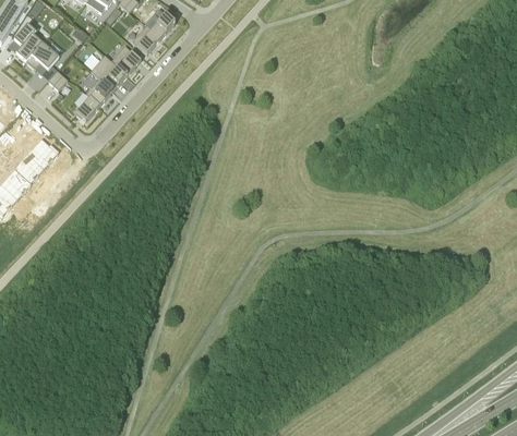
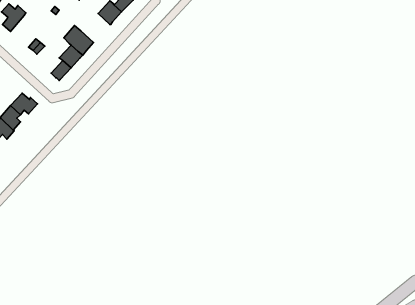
building: [26,45,58,72] -> none
building: [111,48,141,77] -> none

